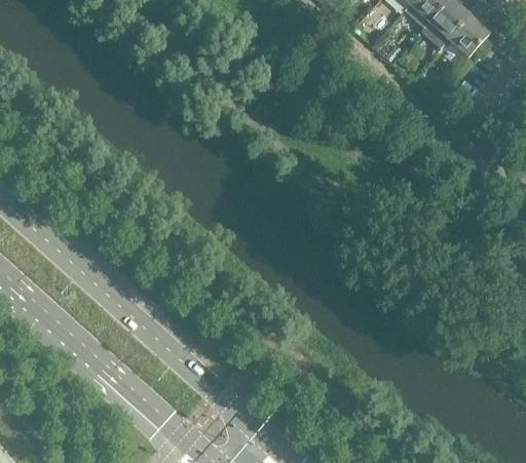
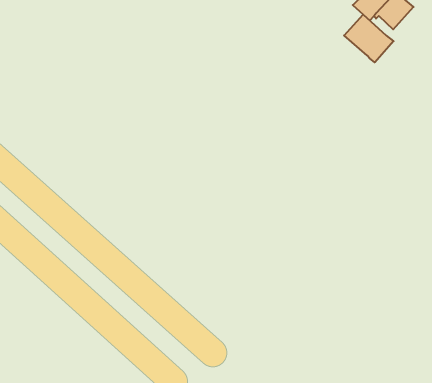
building: none -> [344,14,394,62]

